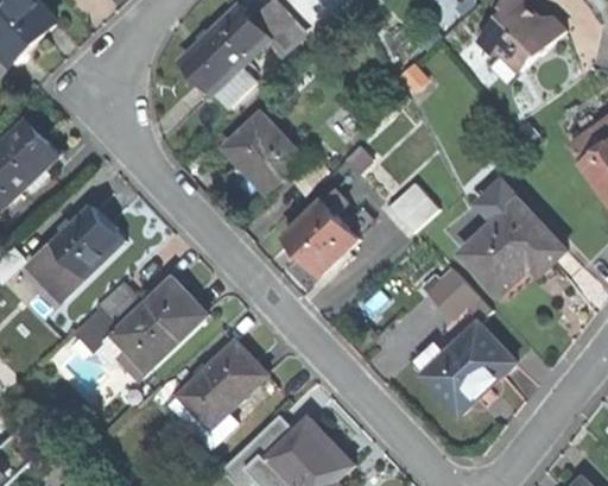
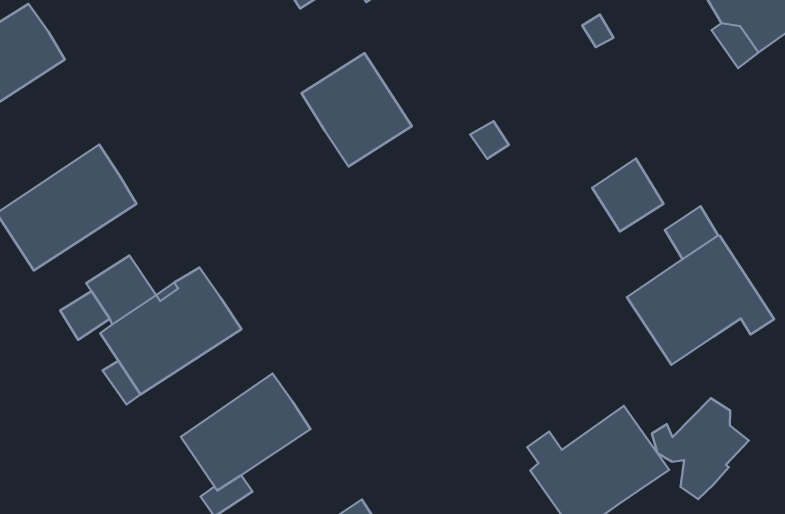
building: [384,181,433,232] -> [592,159,663,231]
building: [280,191,356,276] -> none
building: [422,264,474,316] -> none
building: none -> [652,398,749,499]

